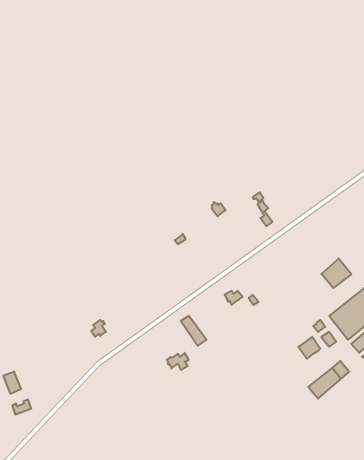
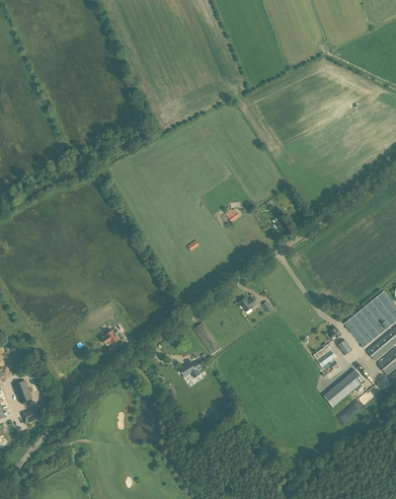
building: [321,258,351,288] -> none

